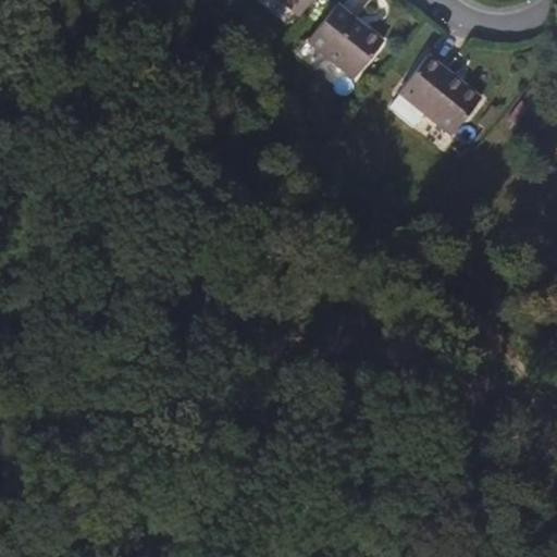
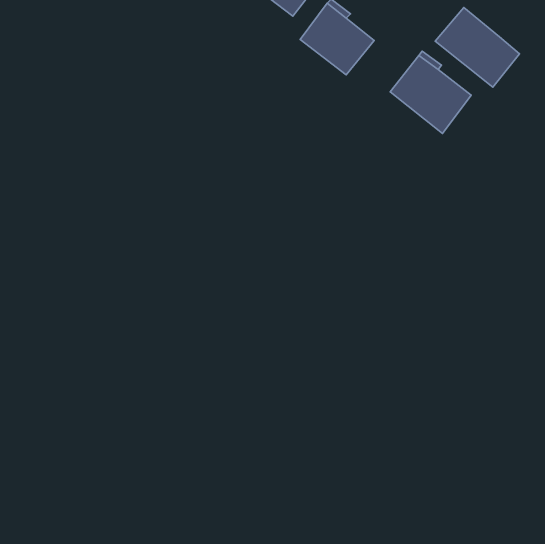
building: none -> [435,8,519,87]

